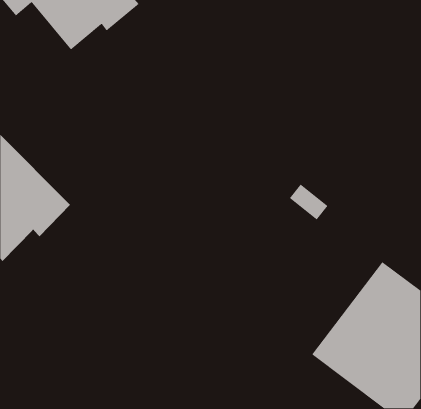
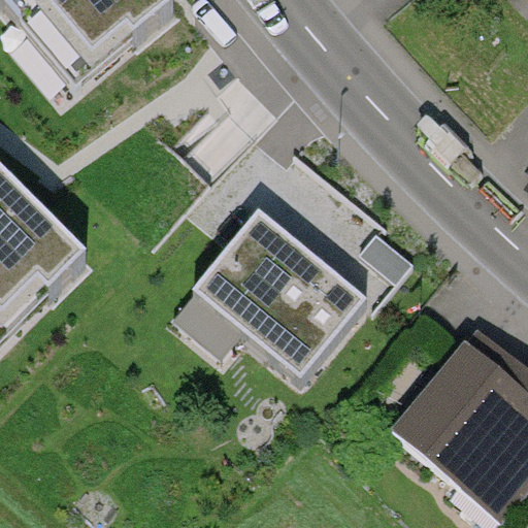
building: none -> [193,209,366,377]

